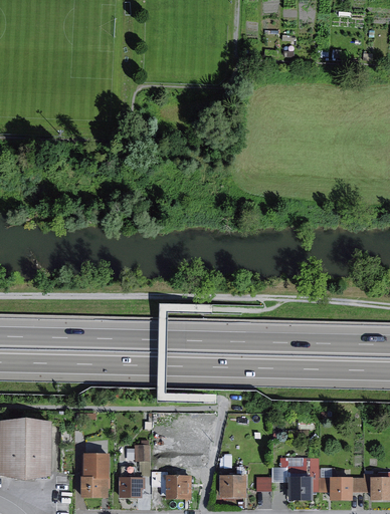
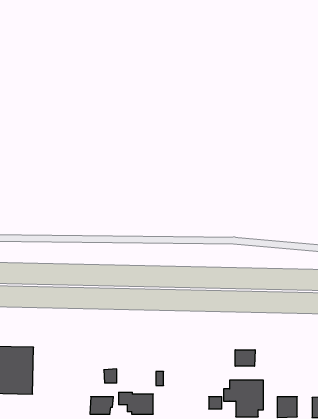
building: none -> [235,350,255,366]
building: [78,454,106,497] -> none
building: [219,476,244,498] -> none

